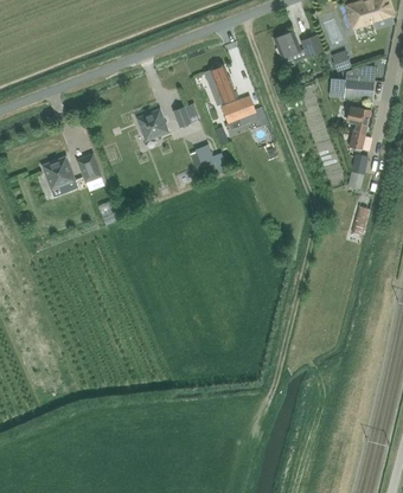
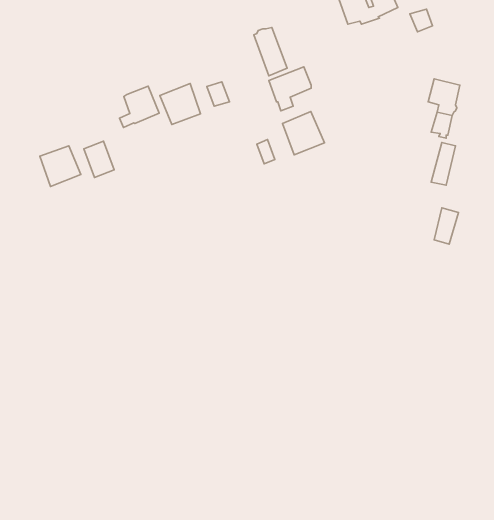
building: [344,66,373,100] -> none
building: none -> [120,86,159,127]
building: none -> [283,111,325,155]

